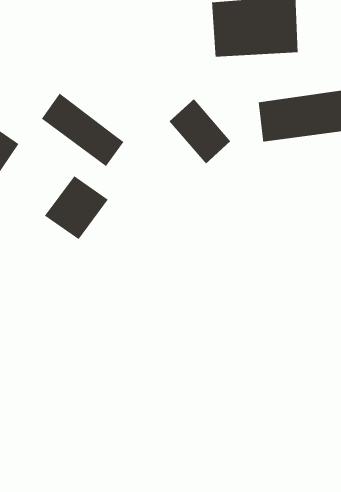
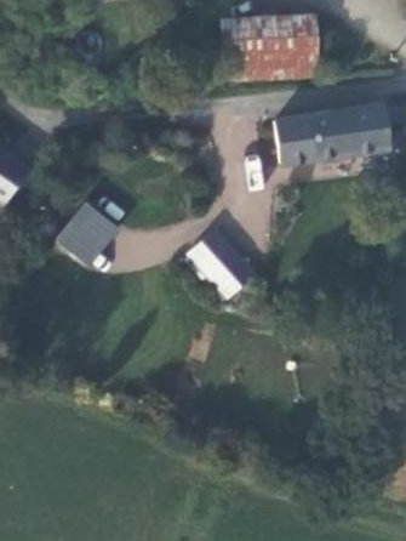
building: [41,92,124,167] -> none
building: [168,98,231,165] -> [188,229,253,298]

